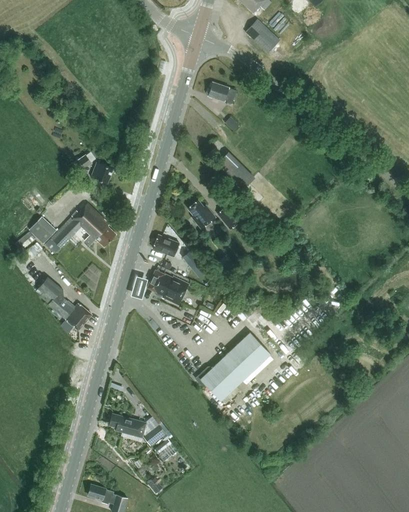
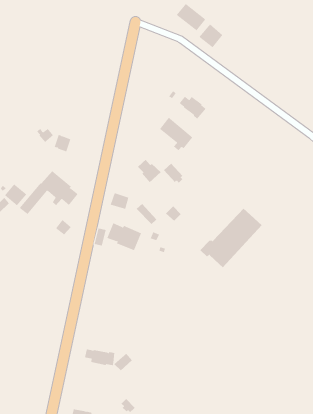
building: none -> [198,24,223,48]
building: [207,81,237,102] -> none
building: none -> [179,96,207,119]
building: [37,277,91,330] -> none
building: [195,332,271,401] -> [200,208,263,268]

